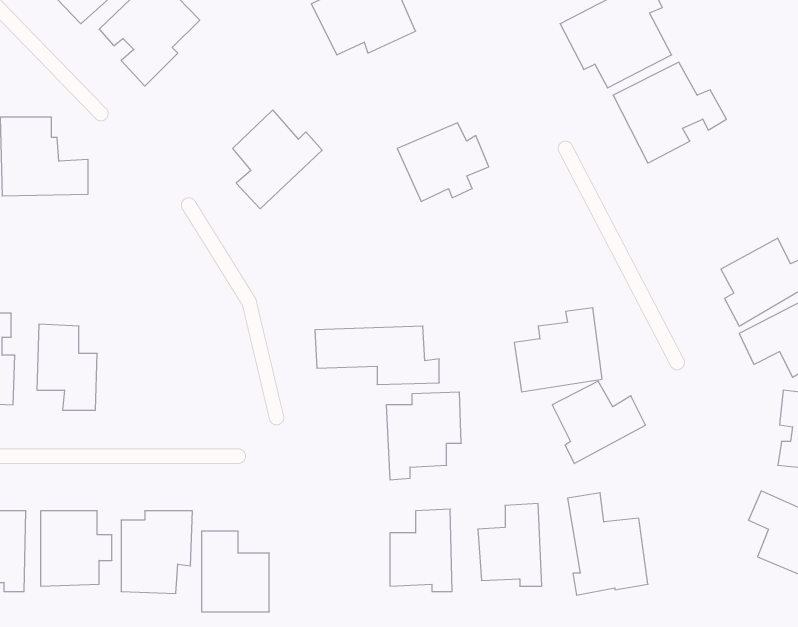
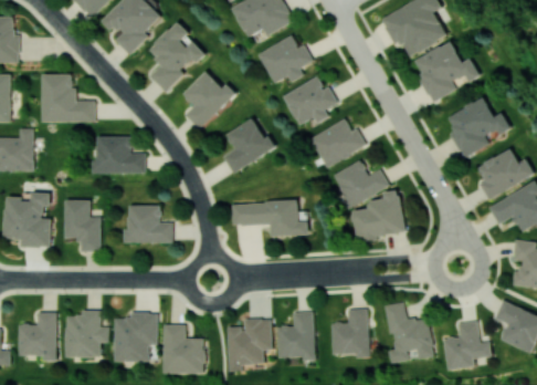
building: none -> [147,21,206,92]
building: none -> [257,35,313,83]
building: none -> [448,96,512,157]
building: none -> [223,116,274,173]
building: none -> [308,118,366,168]
building: none -> [93,136,146,173]
building: none -> [124,205,173,242]
building: [552,381,646,464] -> [333,159,389,209]
building: [386,392,461,480] -> [228,319,273,372]
building: none -> [443,321,491,370]

